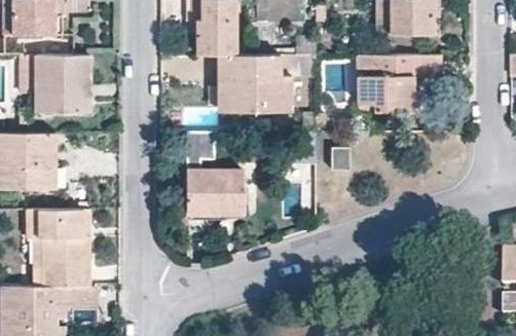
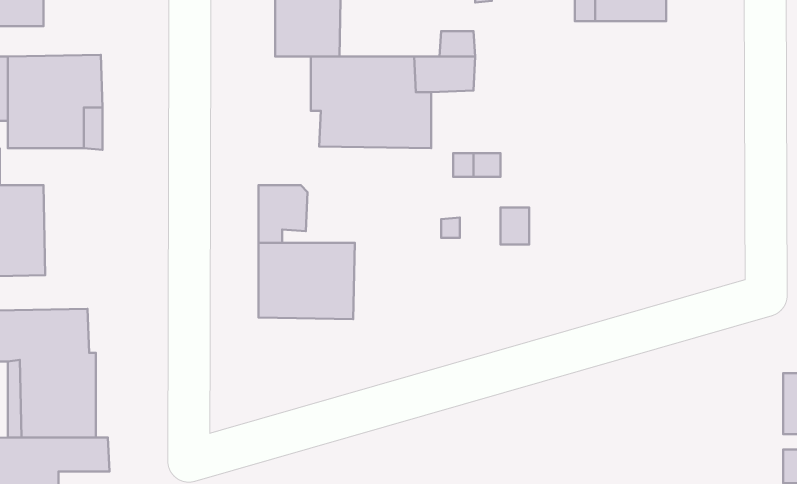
building: [359,53,442,112] -> none

